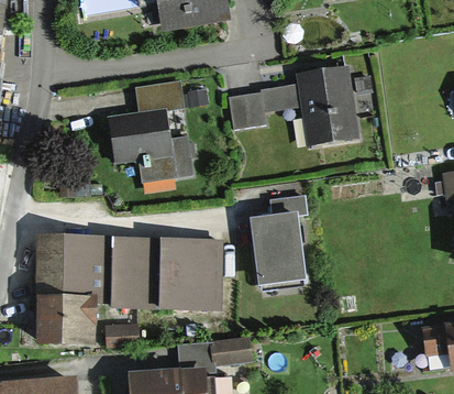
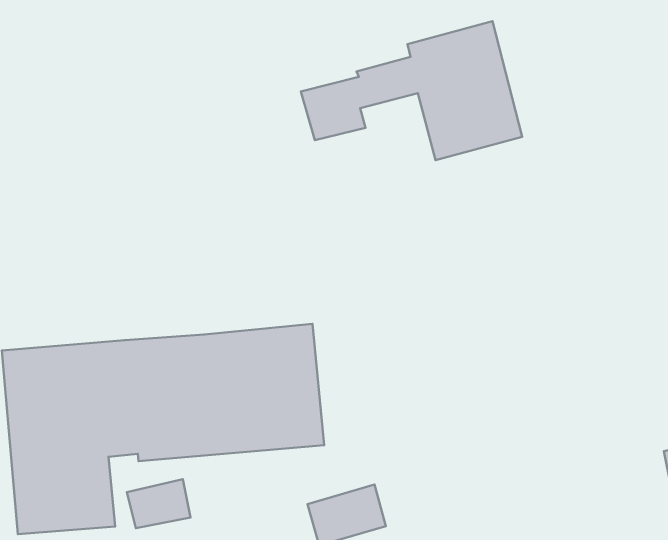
building: [109,80,208,180] -> none
building: [250,196,306,285] -> none

